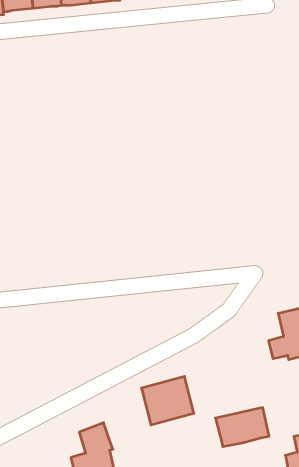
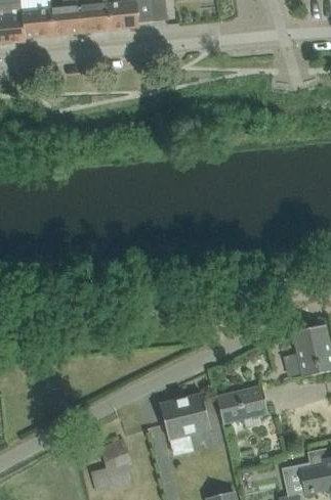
building: [215,408,269,447] -> [215,385,267,423]

